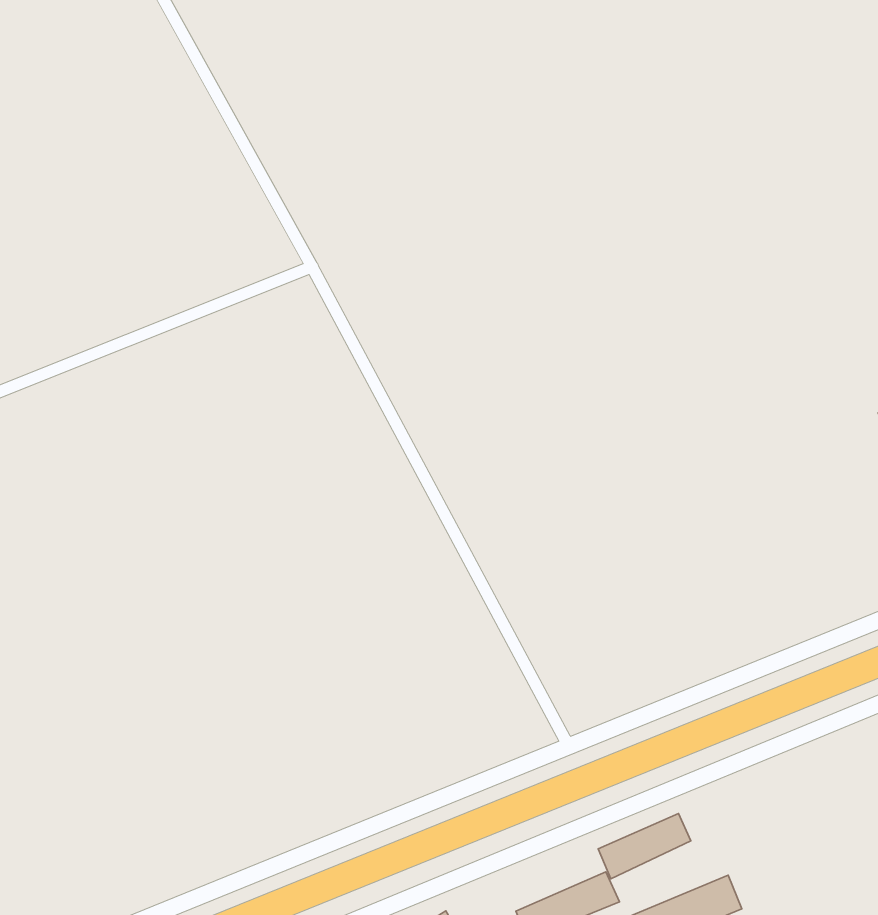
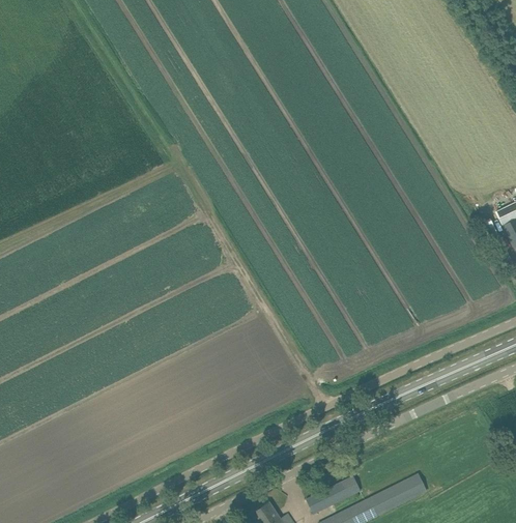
building: [598,814,691,879] -> none

